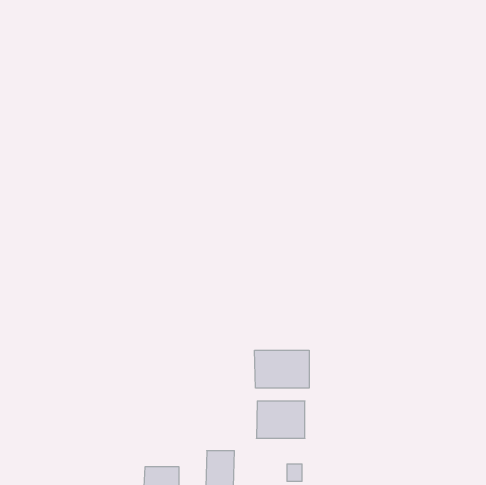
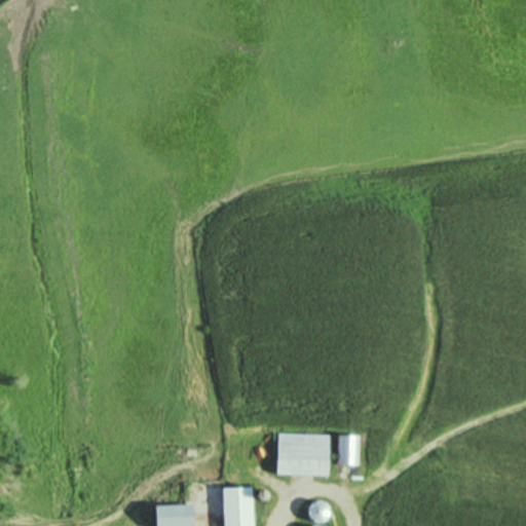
building: [255,350,309,388] -> none
building: none -> [338,436,358,464]

